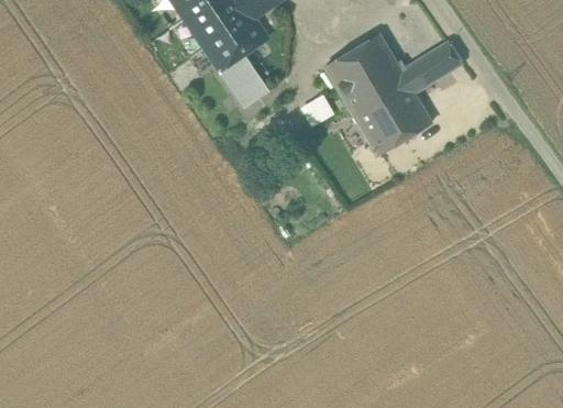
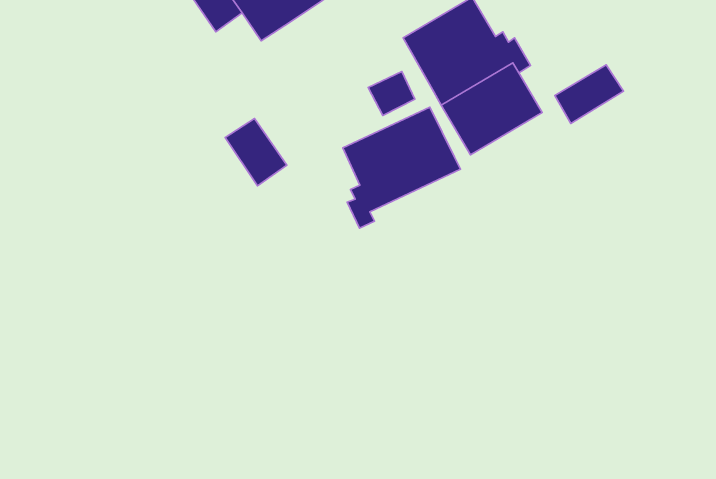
building: [410,42,462,86] -> [555,65,624,123]
building: [220,53,266,103] -> [225,118,287,186]
building: none -> [343,107,461,228]

